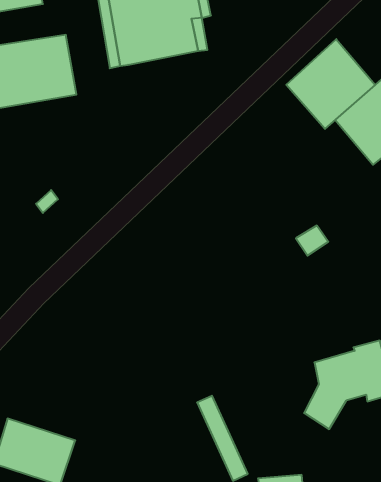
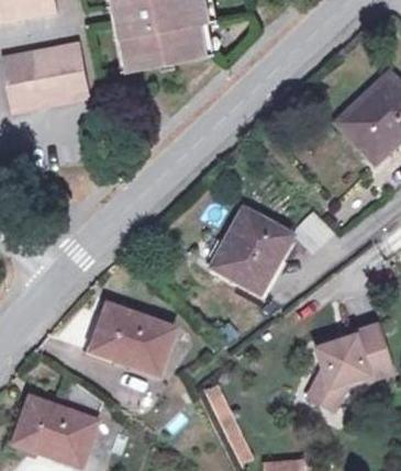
building: [286,39,375,129] -> none
building: none -> [209,209,289,290]
building: none -> [94,309,175,374]

